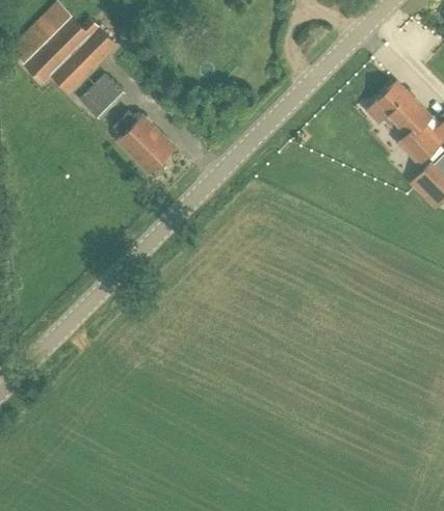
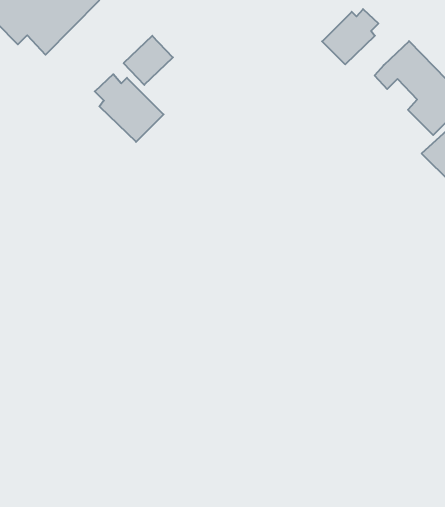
building: none -> [322,9,378,64]
building: [82,75,127,119] -> [124,36,173,85]

